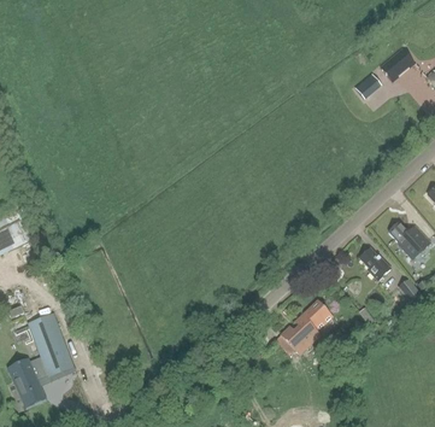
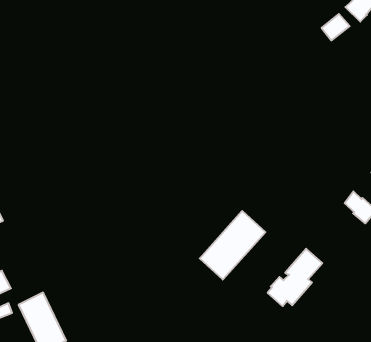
building: none -> [200,211,265,280]

